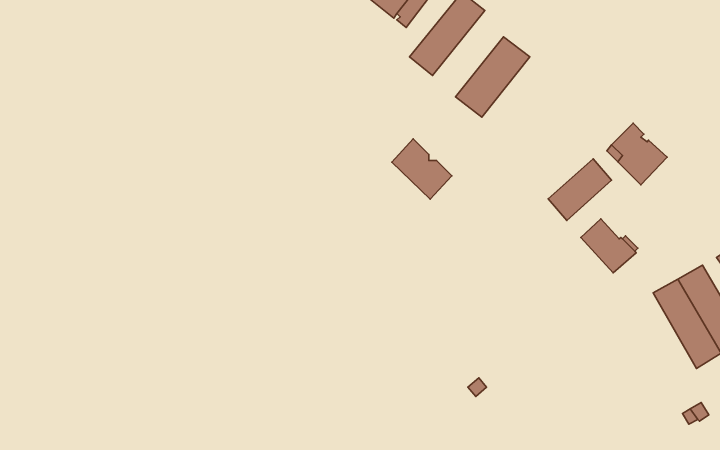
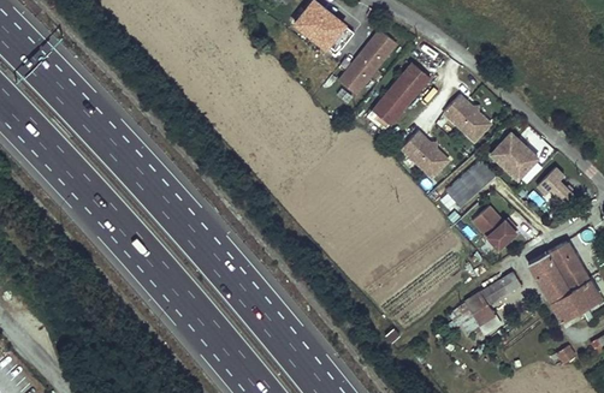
building: none -> [445,94,493,141]
building: [392,139,452,199] -> [401,132,448,179]
building: none -> [538,167,575,204]
building: none -> [463,273,521,335]

